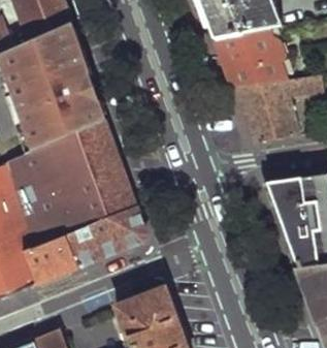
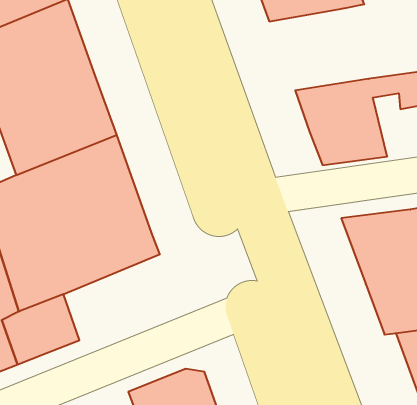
building: [216,31,287,90] -> none
building: [68,208,150,270] -> none

